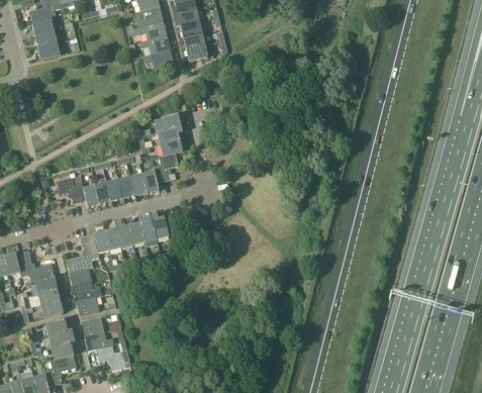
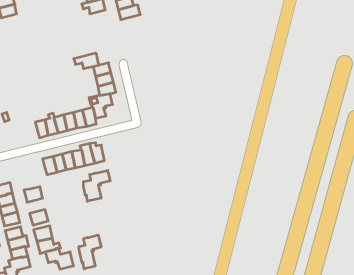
building: [142,48,174,68] -> [74,53,99,69]
building: [56,177,86,203] -> none
building: [66,233,99,272] -> none
building: none -> [83,170,110,201]
building: [73,282,102,301] -> none
building: none -> [79,235,101,269]

